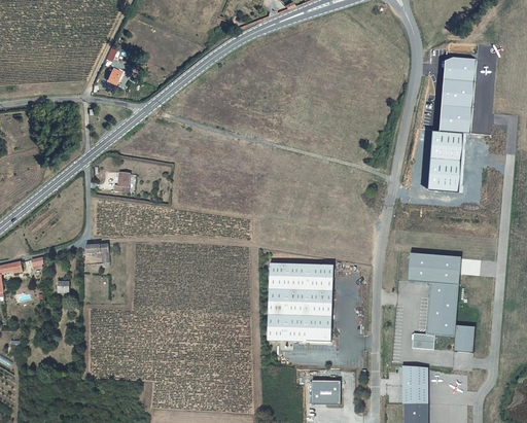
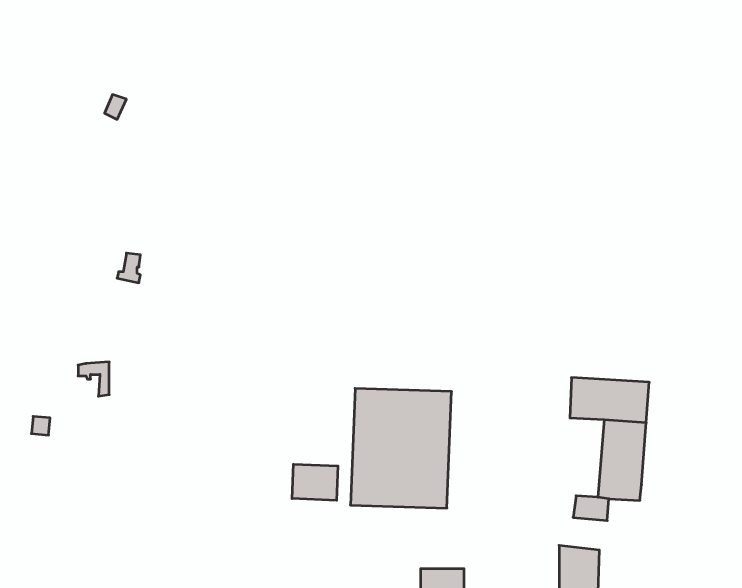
building: [427,58,476,192] -> none
building: none -> [292,464,338,500]
building: [455,325,476,353] -> none

